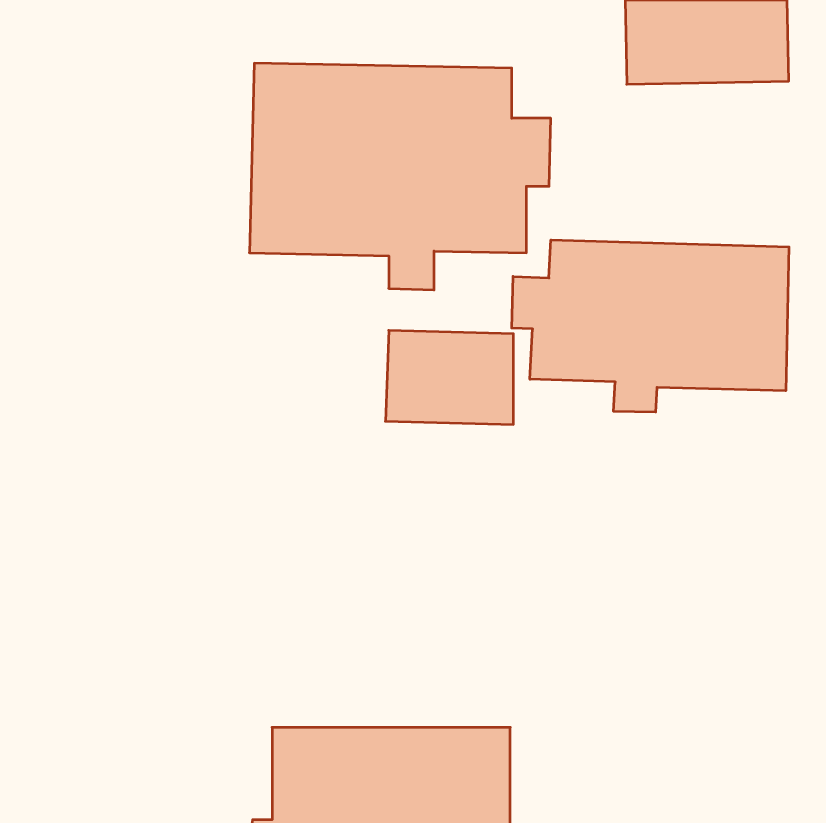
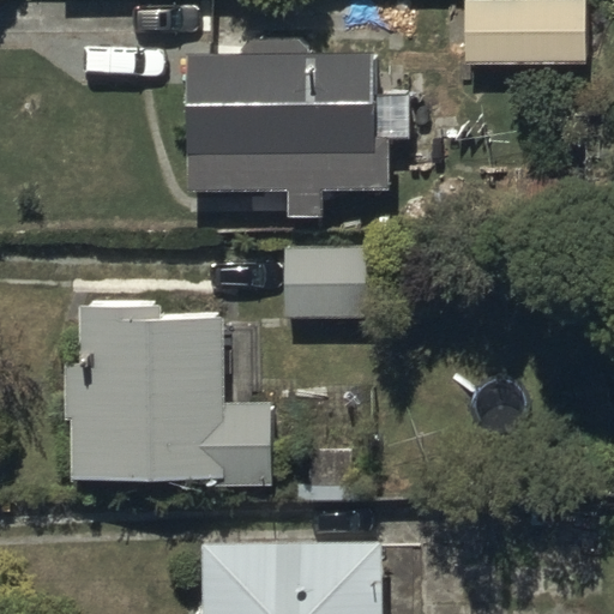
building: [512,240,789,412] -> none
building: none -> [66,307,265,478]

